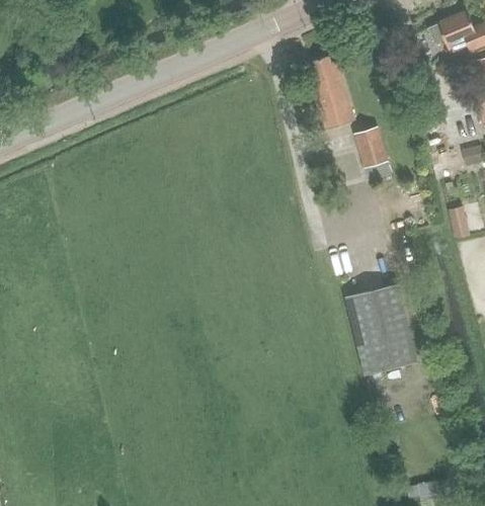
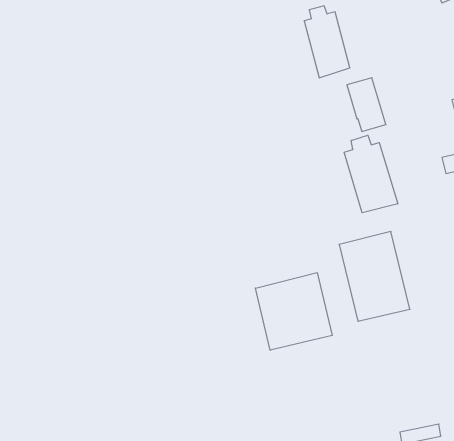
building: none -> [344,135,398,213]
building: none -> [255,273,332,350]

